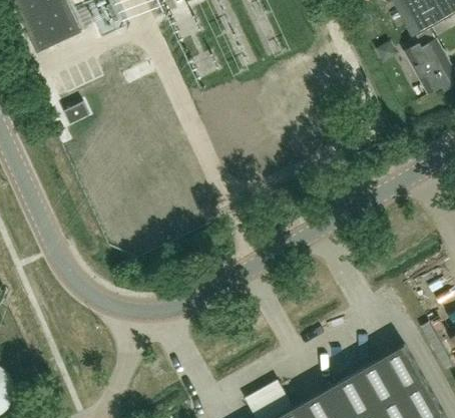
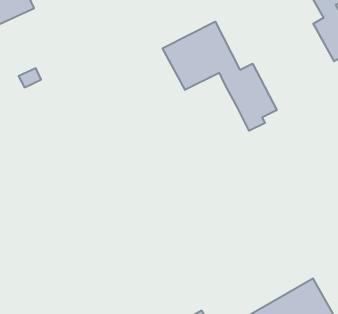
building: none -> [163,22,277,131]

